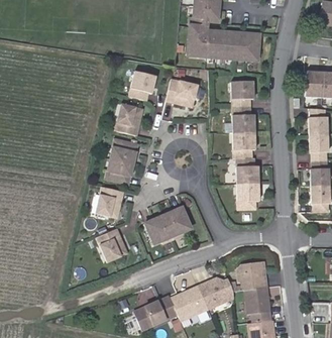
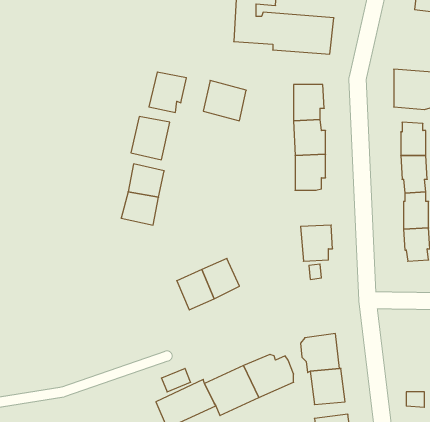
building: [236,156,259,184] -> none
building: [98,185,125,216] -> none
building: [99,225,131,259] -> none

